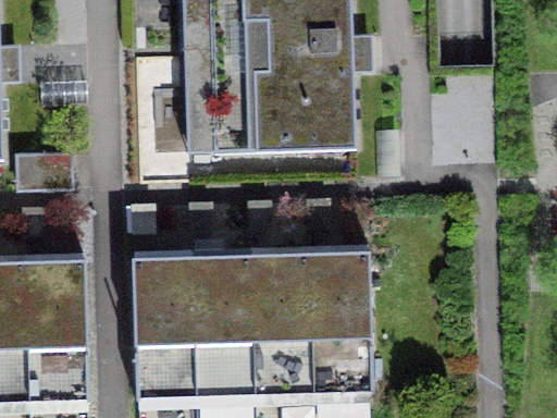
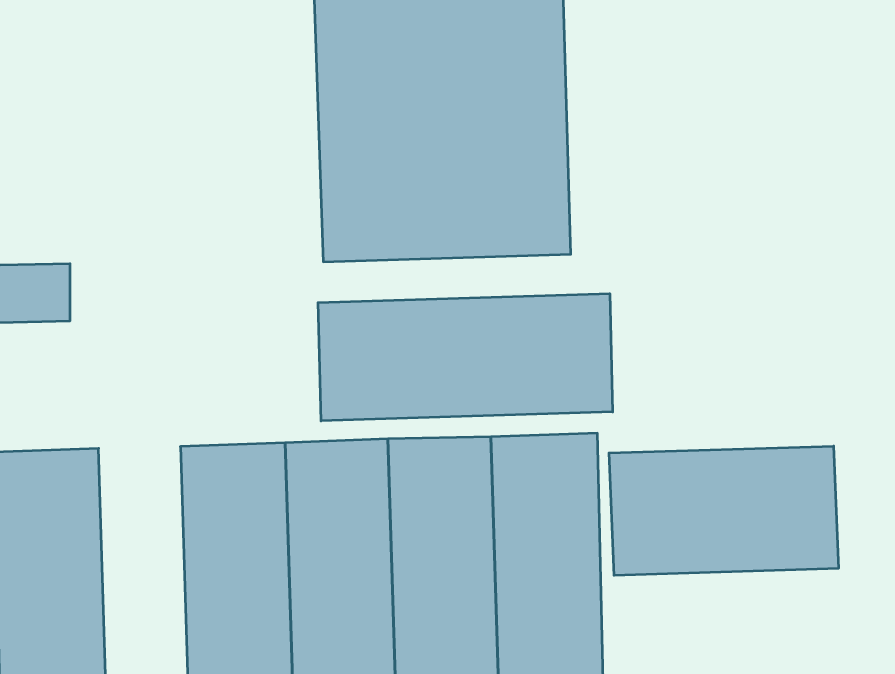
building: none -> [318,294,613,421]
building: none -> [609,446,838,575]

